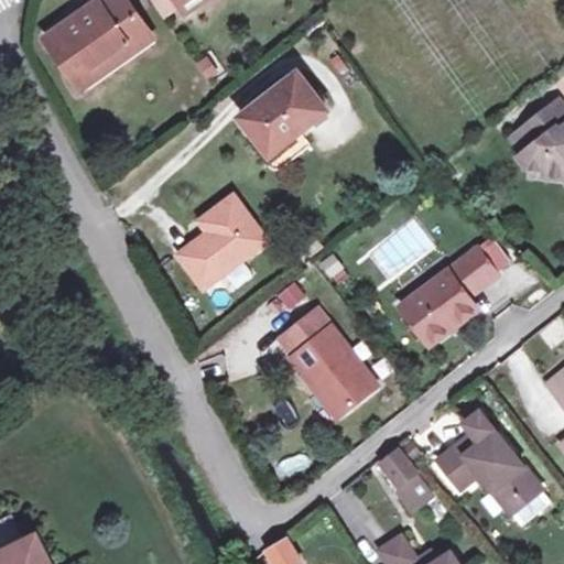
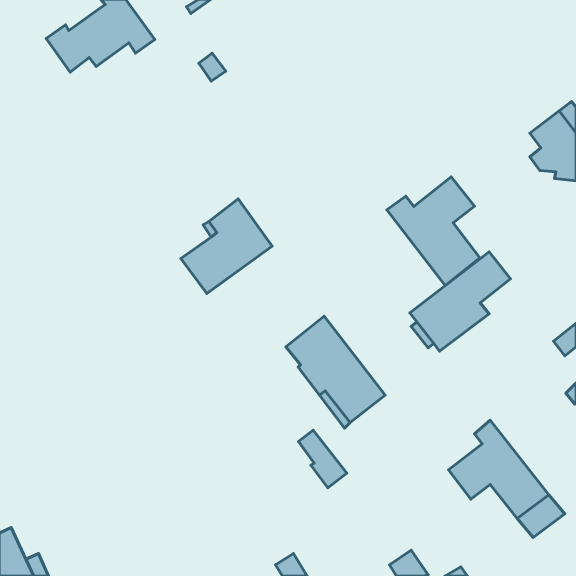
building: [68,42,132,88] -> none
building: [240,73,325,153] -> none
building: none -> [387,177,480,286]
building: [383,452,431,508] -> [298,430,347,488]

